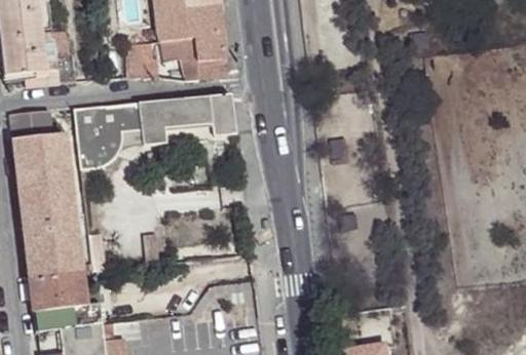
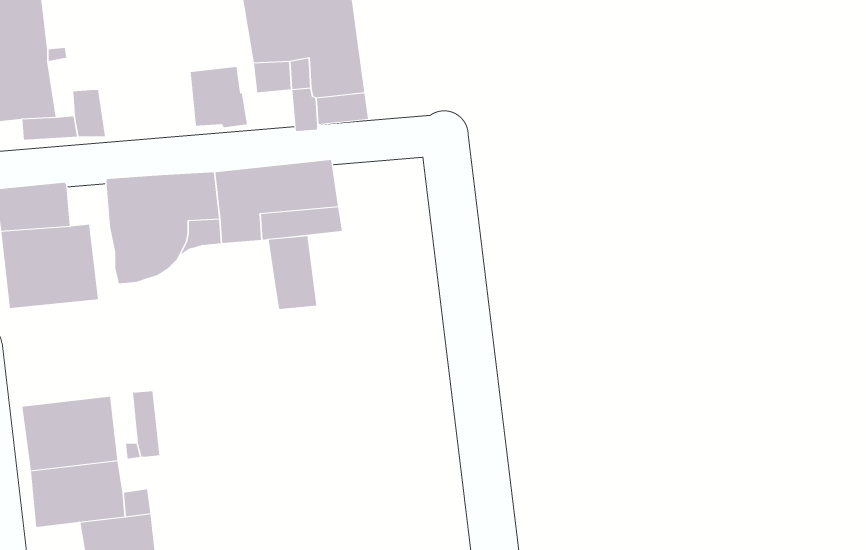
building: [206,93,235,136] -> [268,236,317,309]
building: [17,177,77,240] -> none

